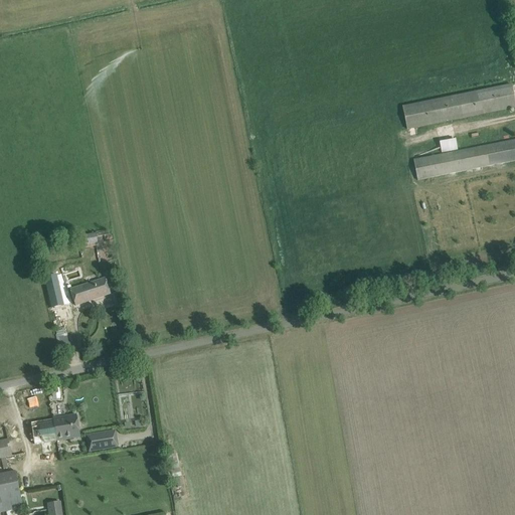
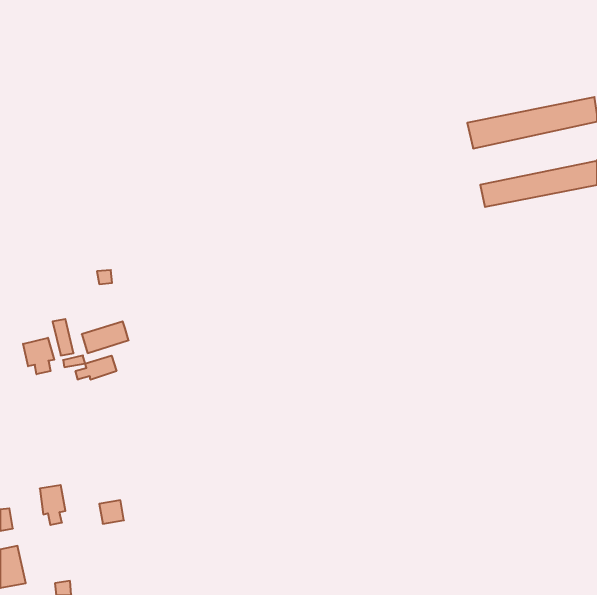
building: none -> [23,338,54,374]
building: none -> [76,356,116,380]
building: [52,413,80,440] -> none

